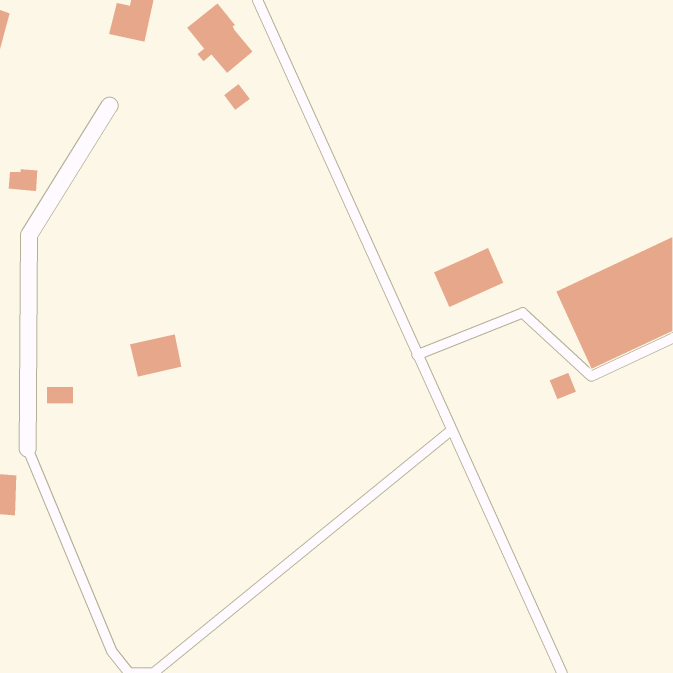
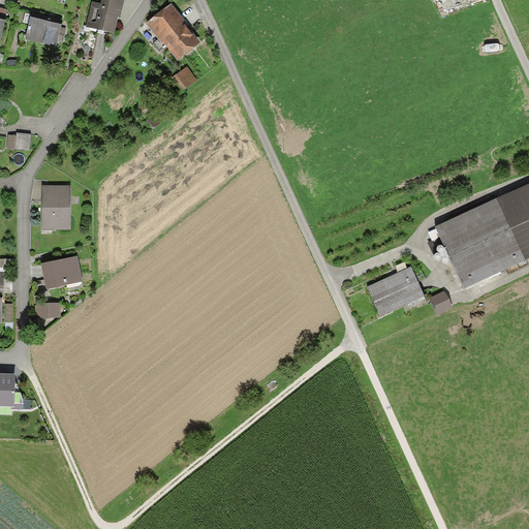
building: none -> [25,11,62,46]
building: none -> [40,185,70,230]
building: [433,247,504,308] -> [367,267,423,314]
building: [129,334,182,377] -> [40,255,82,289]

